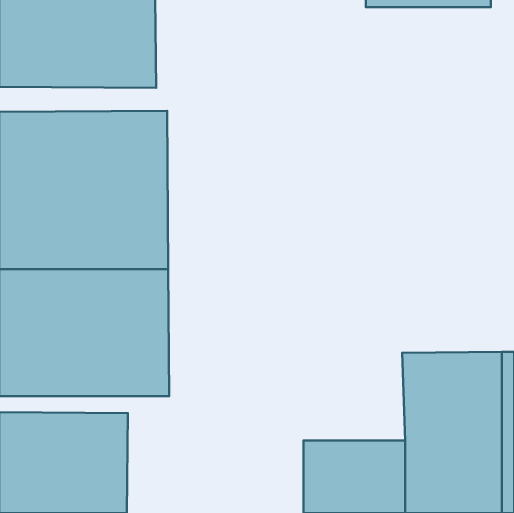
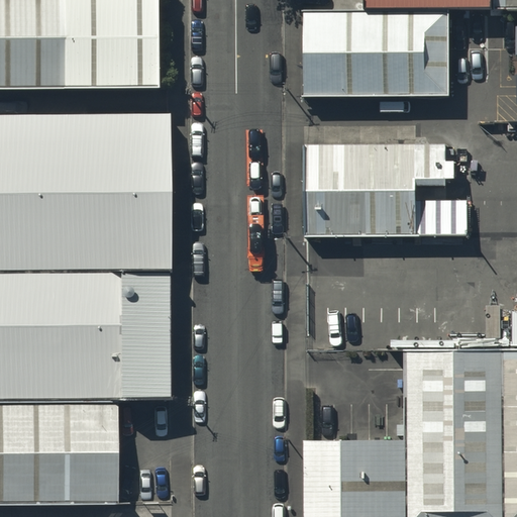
building: none -> [304,13,449,97]
building: none -> [309,146,444,231]

